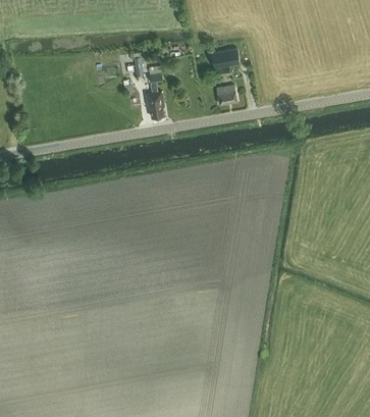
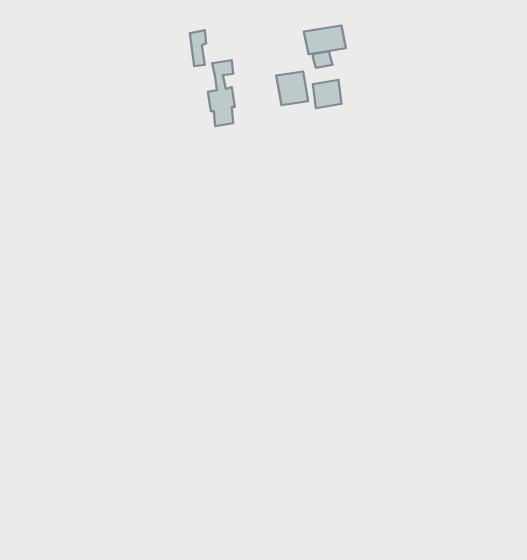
building: none -> [276,71,308,105]

